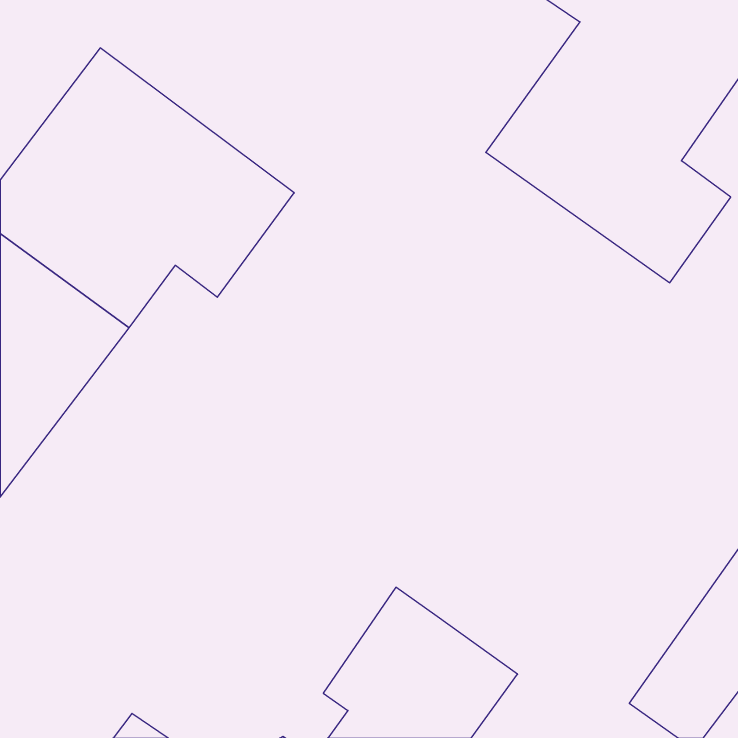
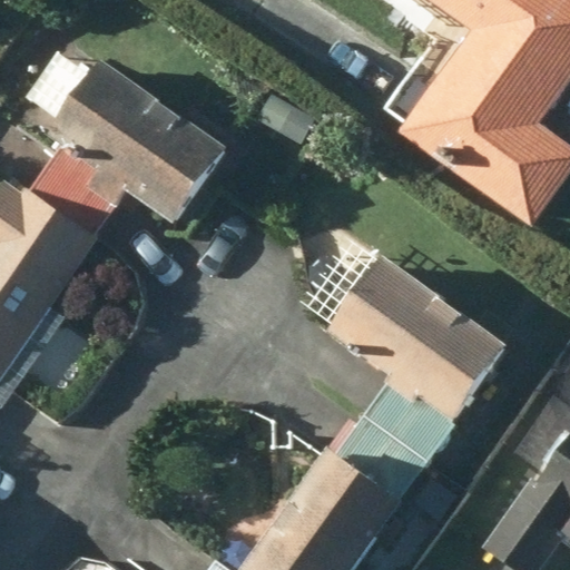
building: none -> [293,268,510,518]

